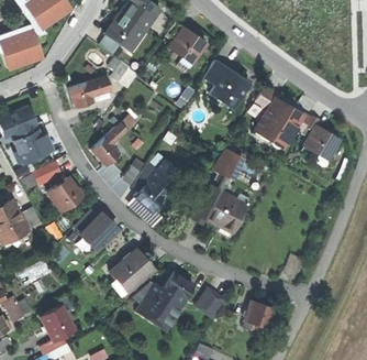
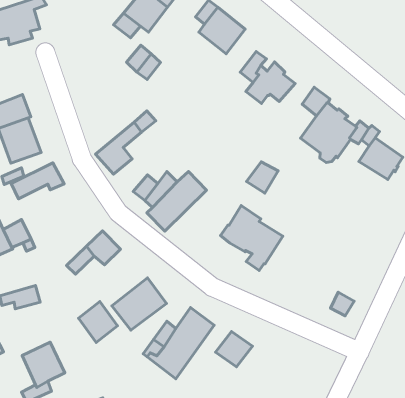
building: [69,76,111,108] -> none
building: [47,177,82,207] -> none
building: none -> [78,302,117,343]
building: [244,301,274,328] -> none

